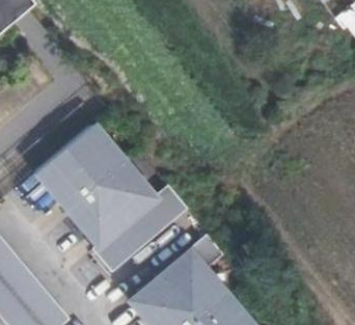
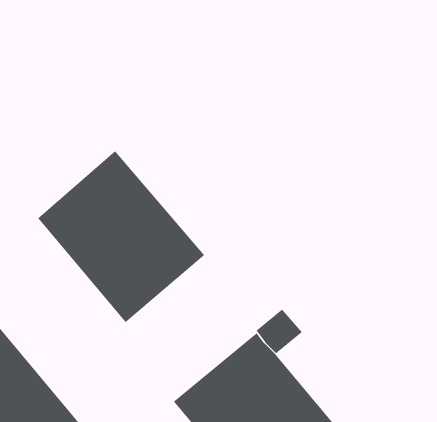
building: [95,186,189,271] -> none

